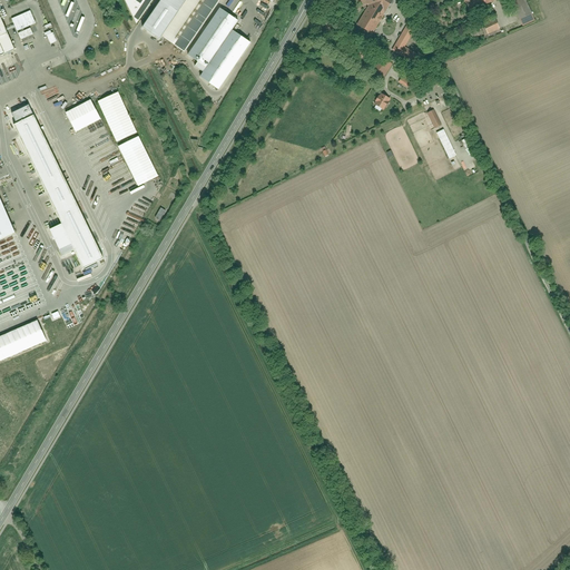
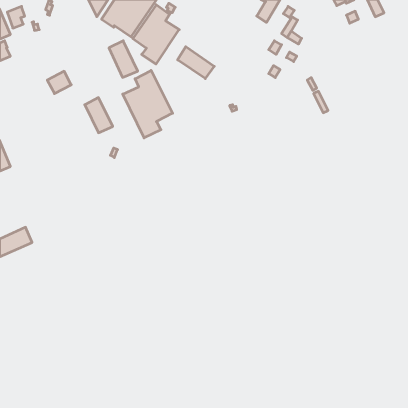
building: none -> [178,47,214,79]
building: [96,90,136,141] -> [109,41,138,77]
building: none -> [123,70,173,138]
building: [11,105,102,267] -> none

